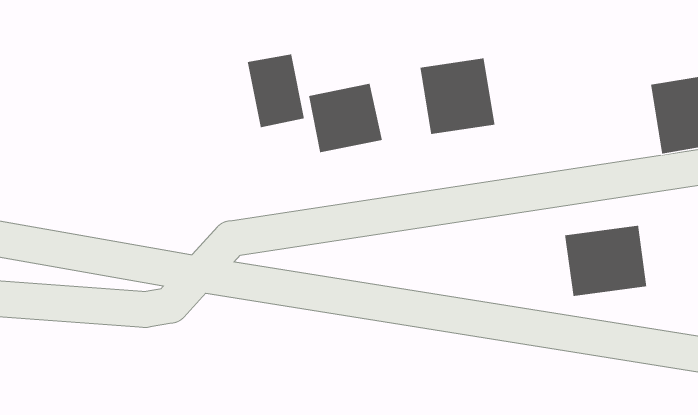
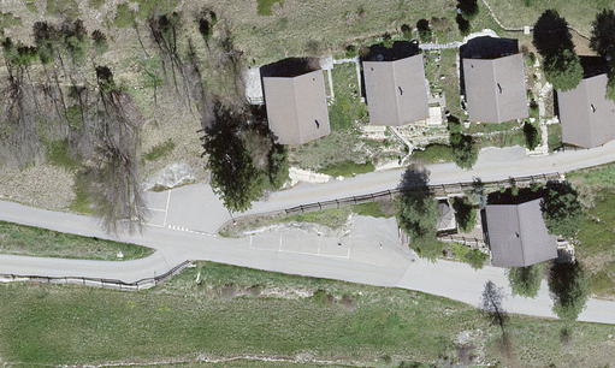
building: [247,54,305,128] -> none
building: none -> [463,57,526,120]

